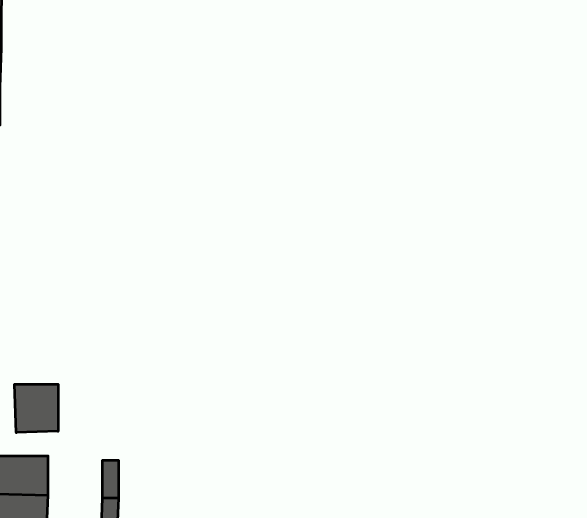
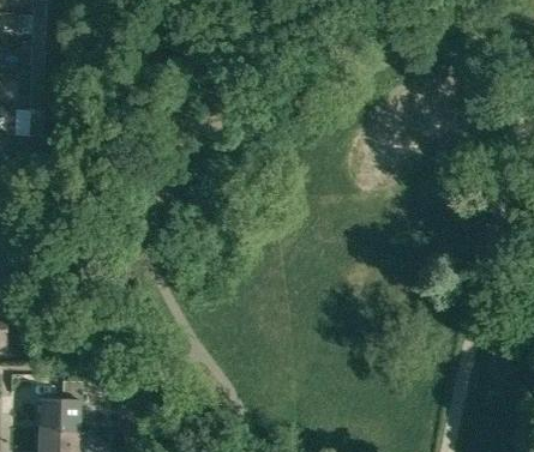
building: [15,384,58,433] -> none

